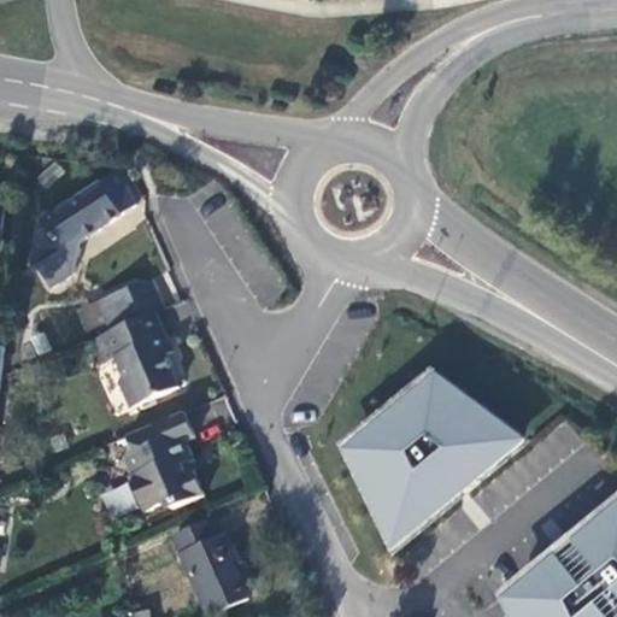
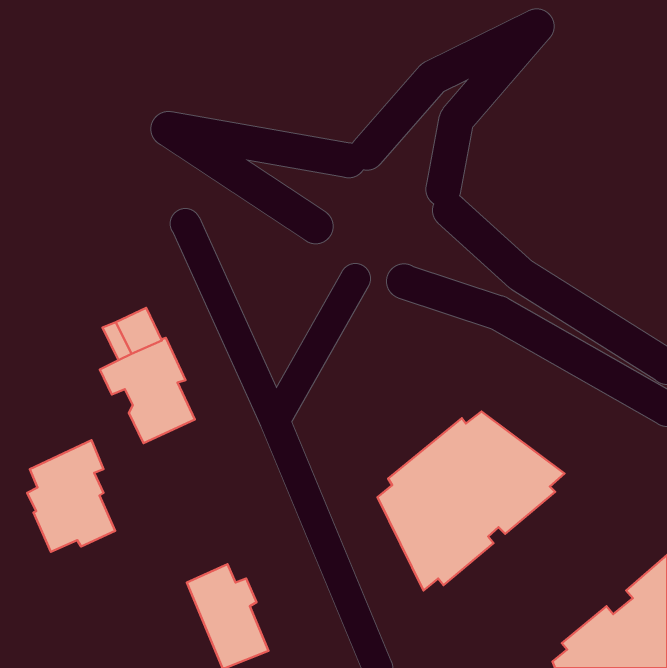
building: [33,171,134,284] -> none
building: [119,410,200,512] -> [27,440,115,552]

